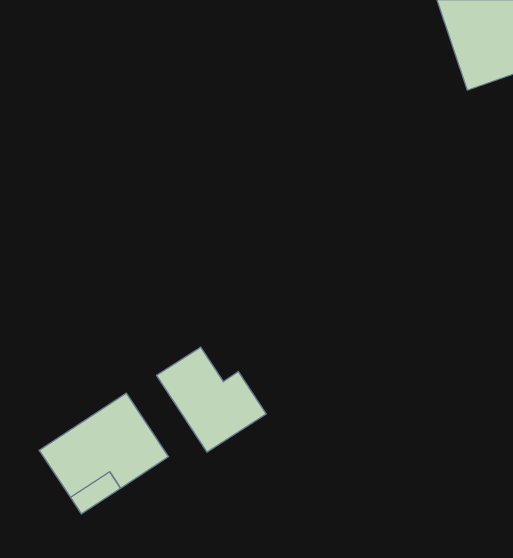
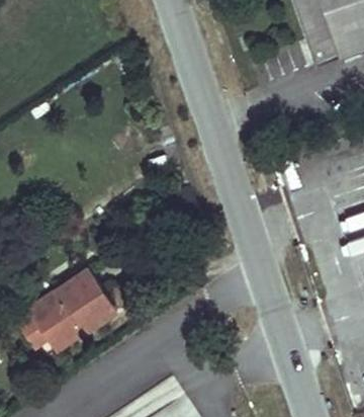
building: [157,347,266,452] -> none

